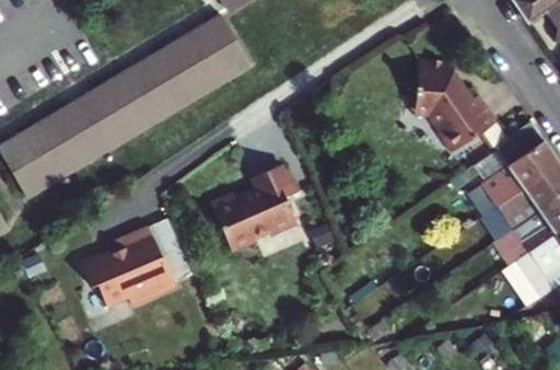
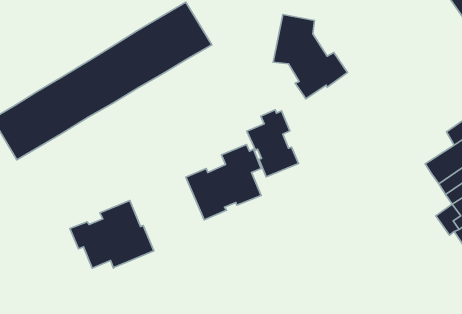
building: [418,67,502,162] -> [273,15,347,99]
building: none -> [247,110,298,177]

